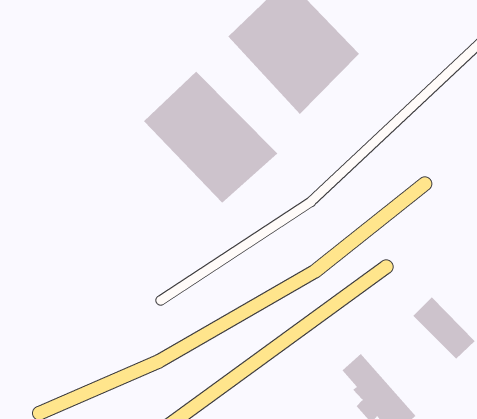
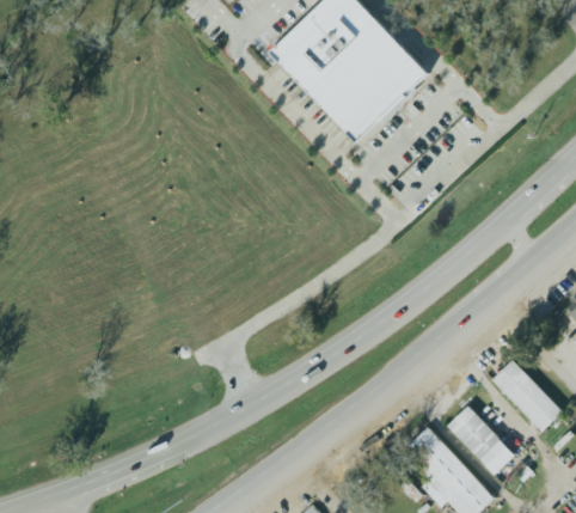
building: [143,71,278,204] -> none
building: none -> [445,404,516,475]

